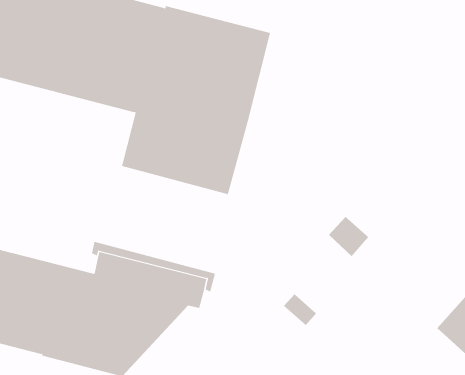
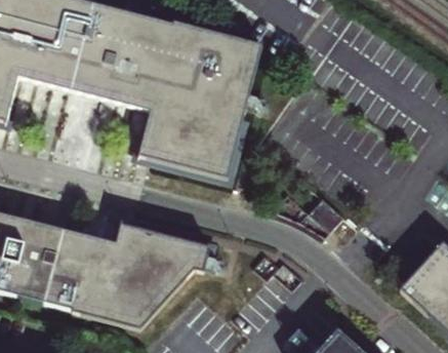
building: none -> [130,118,248,186]

